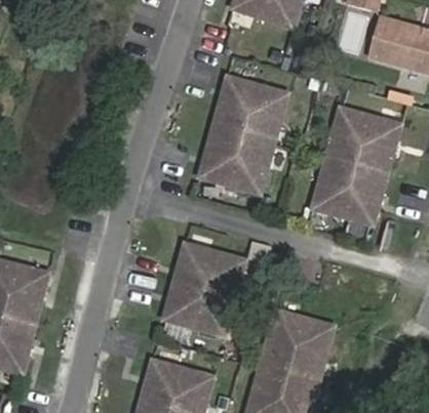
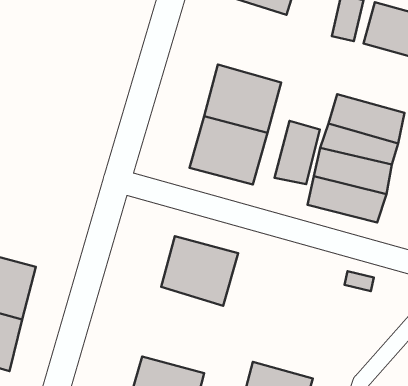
building: none -> [275,121,320,184]
building: [162,292,230,337] -> none
building: [259,311,333,381] -> none

